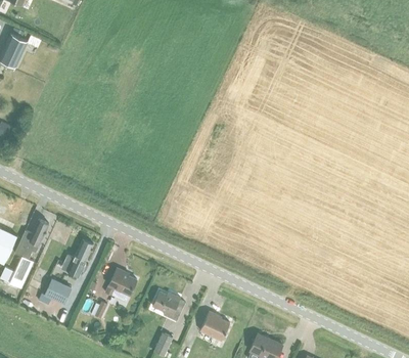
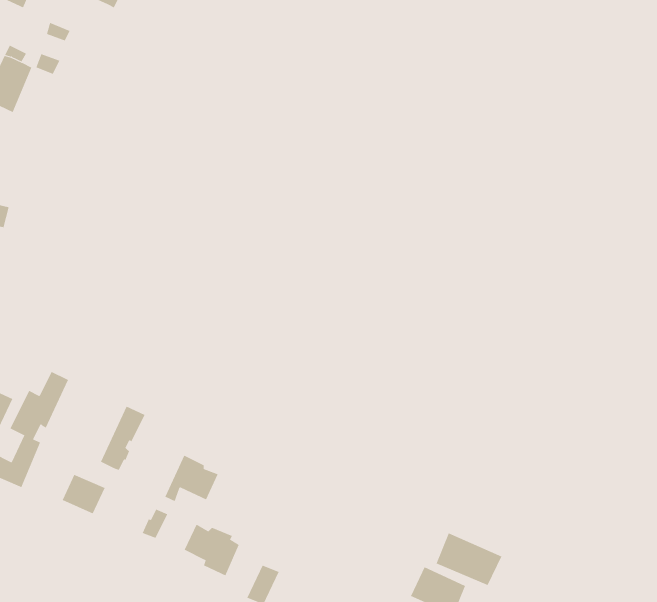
building: [151,290,184,321] -> [184,524,240,576]
building: [198,311,229,341] -> none
building: none -> [436,533,502,586]

